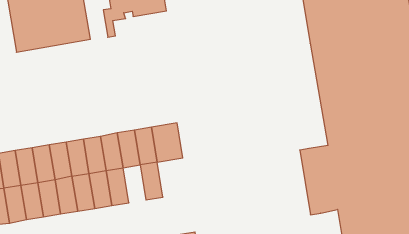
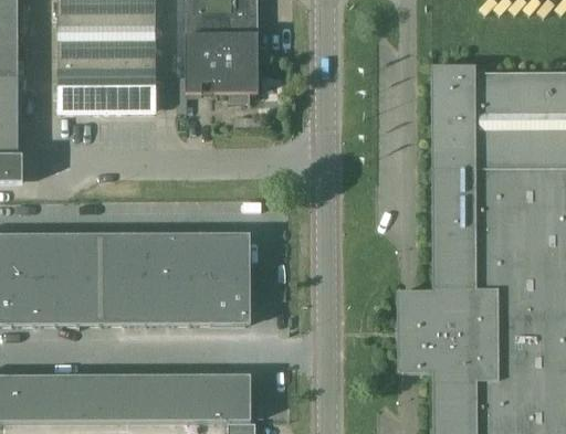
building: none -> [213,278,247,324]
building: none -> [169,278,191,324]

